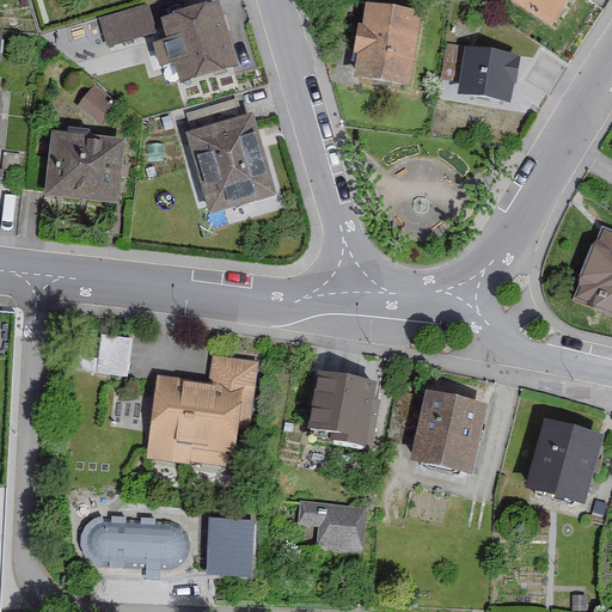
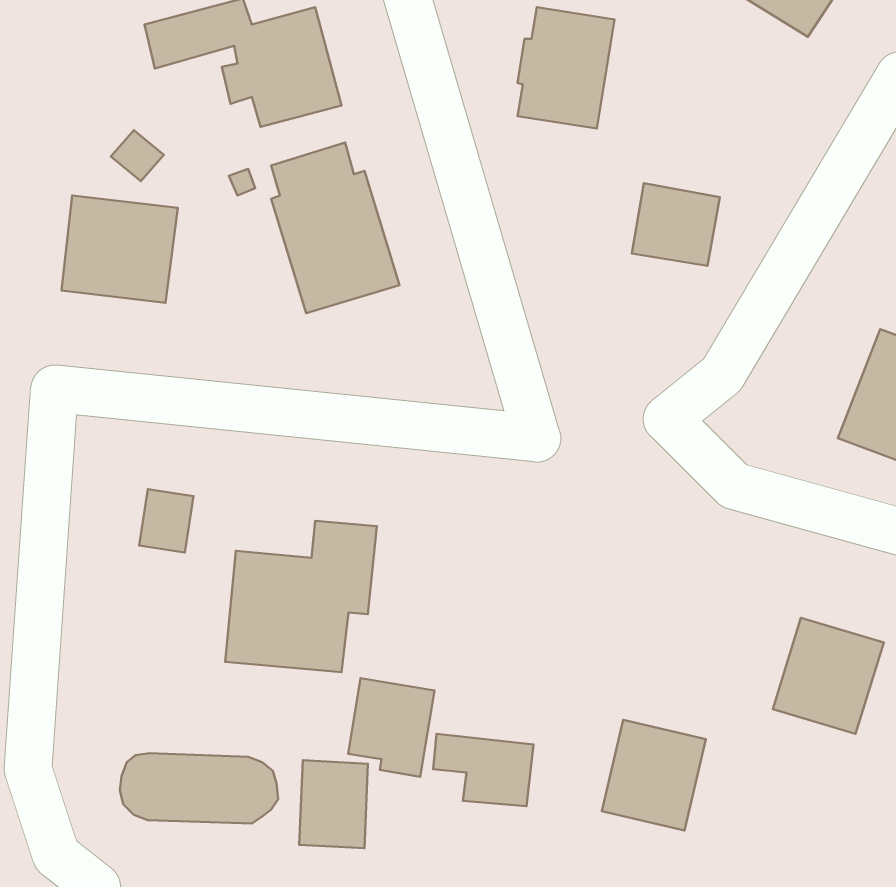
building: [458,47,518,103] -> [632,183,720,266]
building: [317,374,375,441] -> [348,678,434,777]
building: [415,391,485,466] -> [602,720,706,831]

